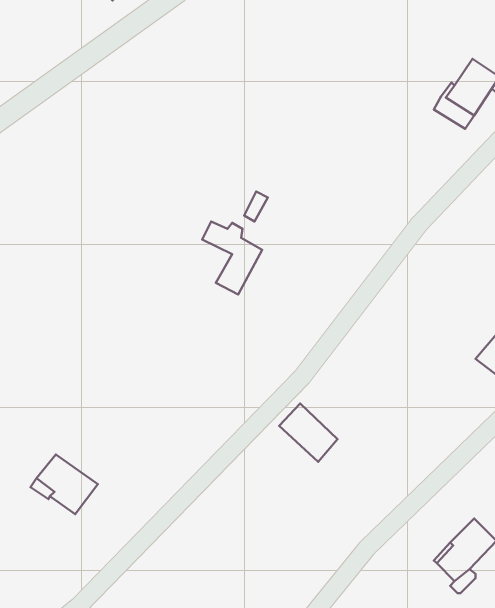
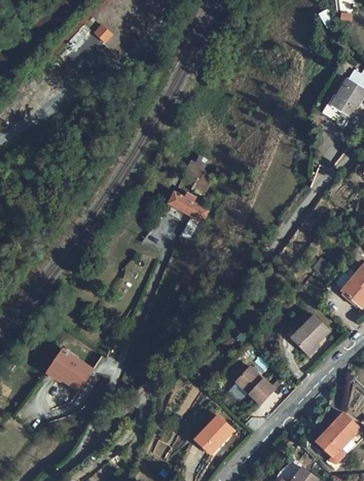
building: none -> [296,314,335,353]
building: [279,403,337,462] -> [235,364,276,404]
building: none -> [191,418,228,453]

